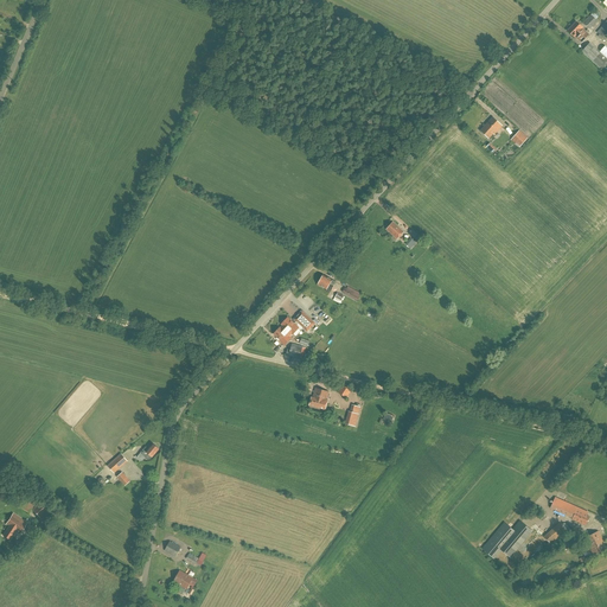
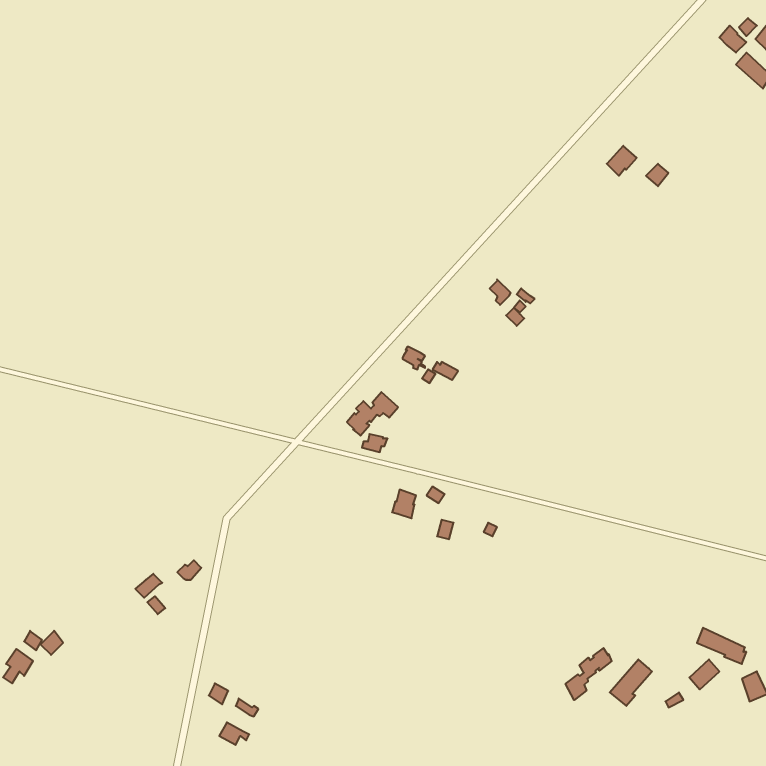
building: none -> [566,648,612,700]

